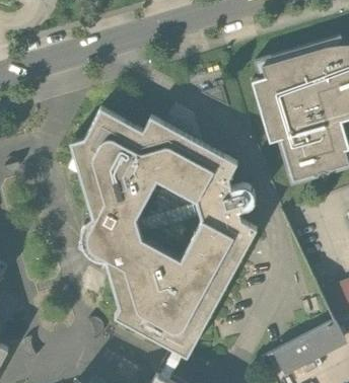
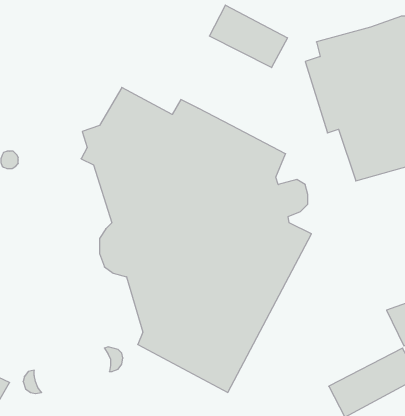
building: none -> [209,5,287,68]

